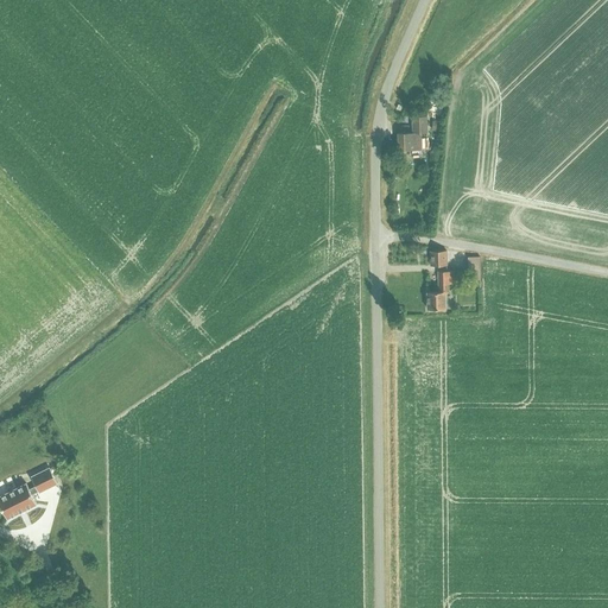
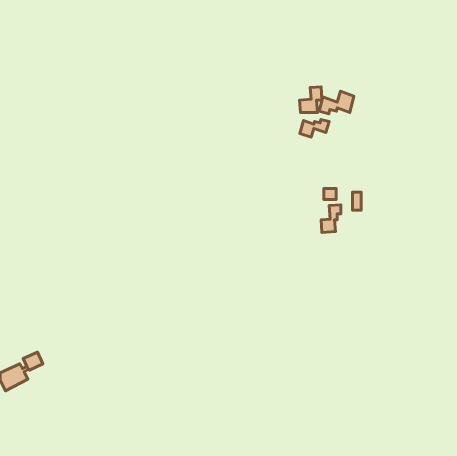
building: none -> [319,91,354,114]
building: none -> [300,119,329,137]

